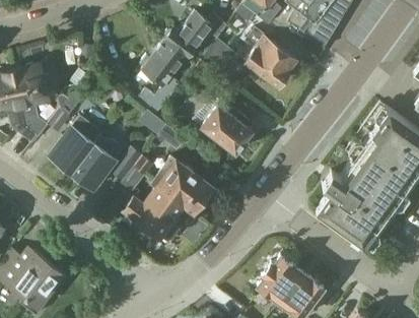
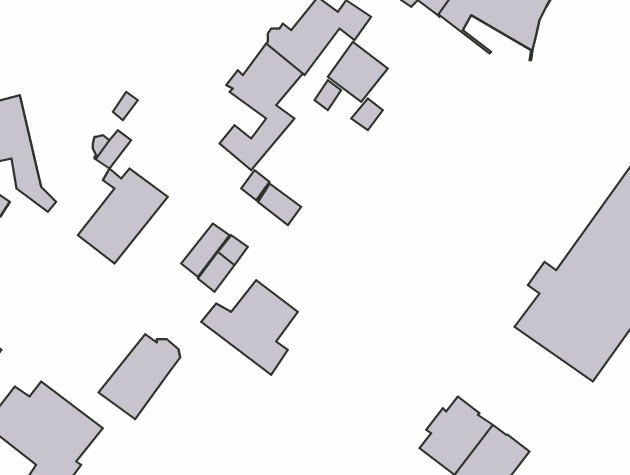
building: [246,28,297,85] -> none
building: [14,64,55,138] -> none
building: [193,94,254,153] -> none
building: [72,138,122,190] -> [98,334,180,419]
building: [153,156,212,211] -> none

